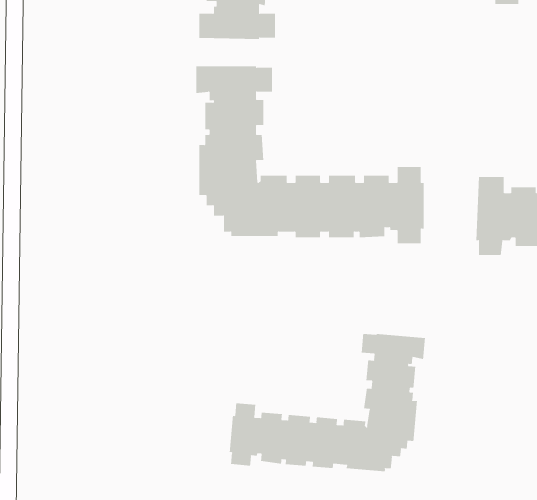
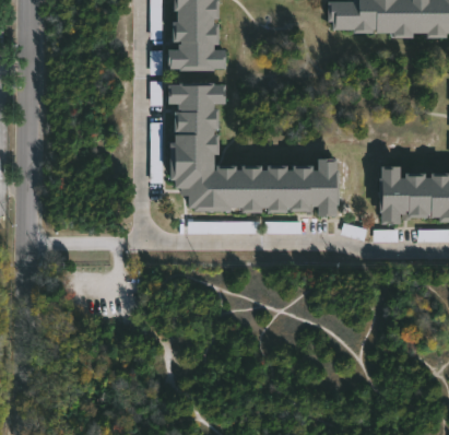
building: [229,333,425,472] -> none

